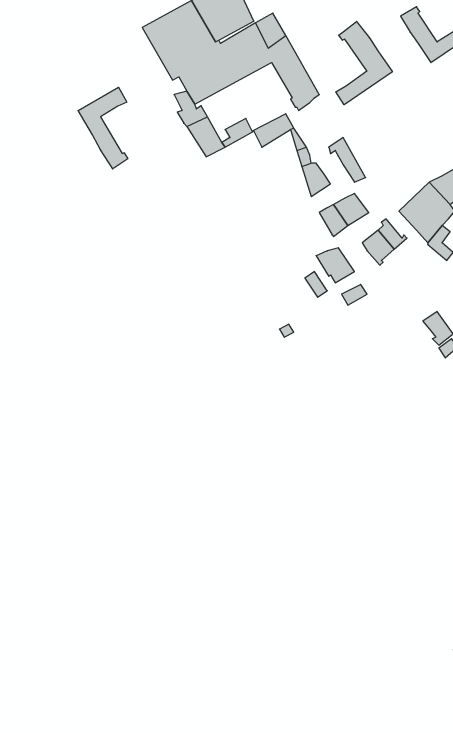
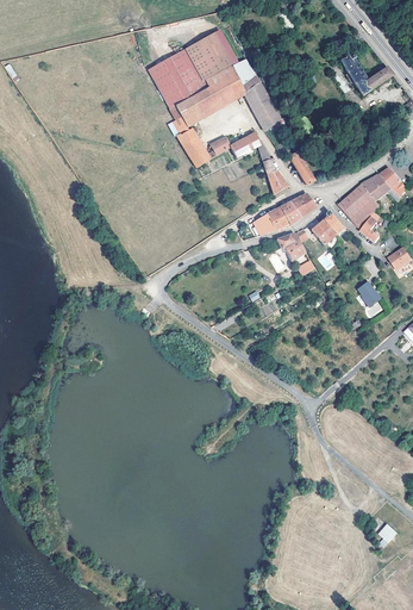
building: [336,21,392,105] -> none
building: [78,87,128,169] -> none
building: none -> [252,206,288,234]

